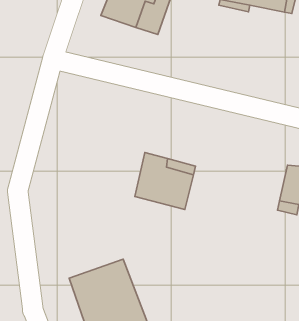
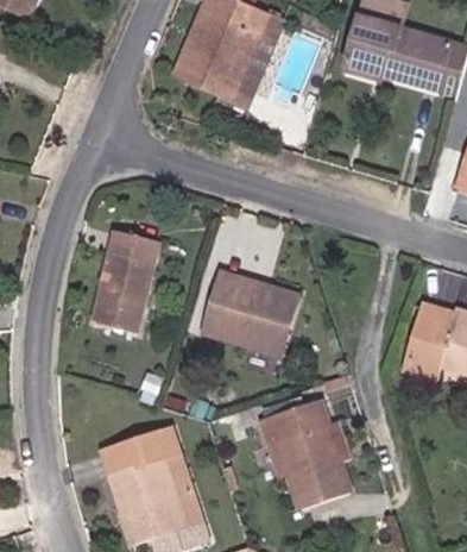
building: none -> [88,234,154,339]
building: none -> [270,402,348,508]

